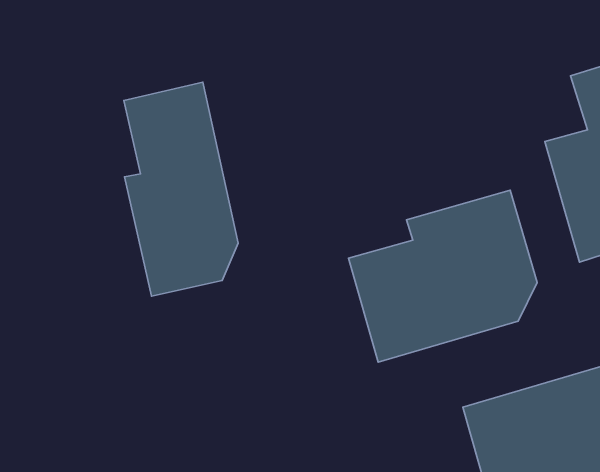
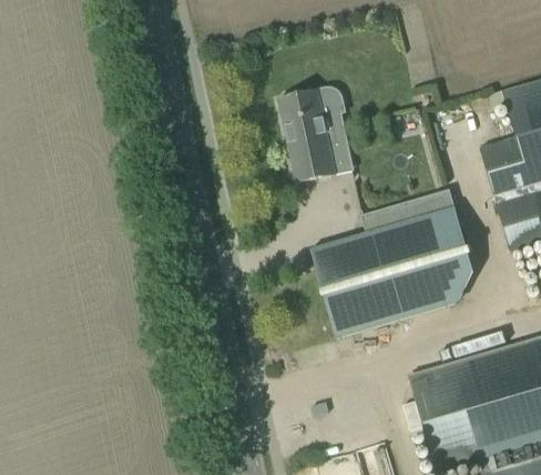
building: none -> [278,87,353,182]
building: [124,82,238,296] -> none

